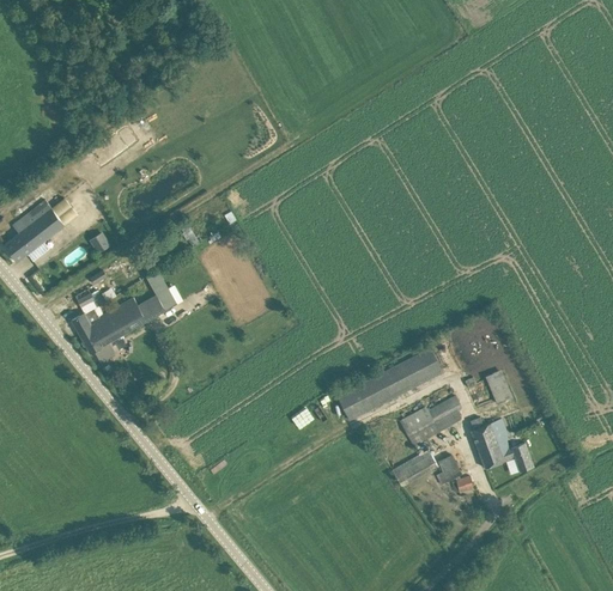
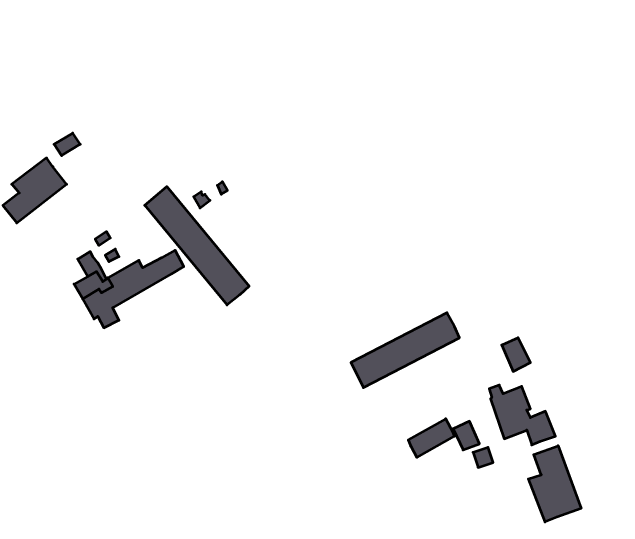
building: none -> [145,187,249,305]
building: [397,397,461,446] -> none
building: none -> [528,446,581,522]

